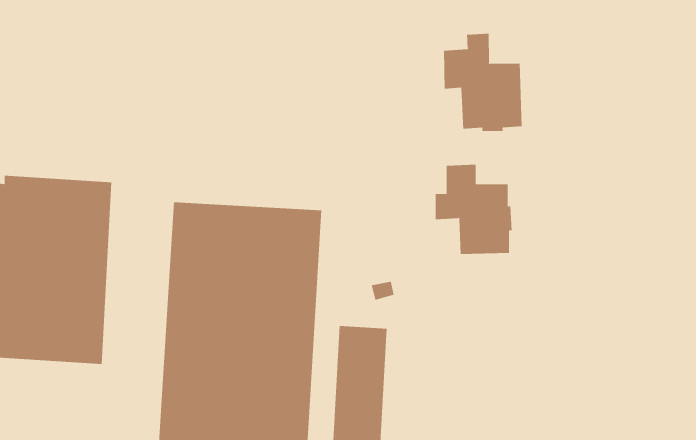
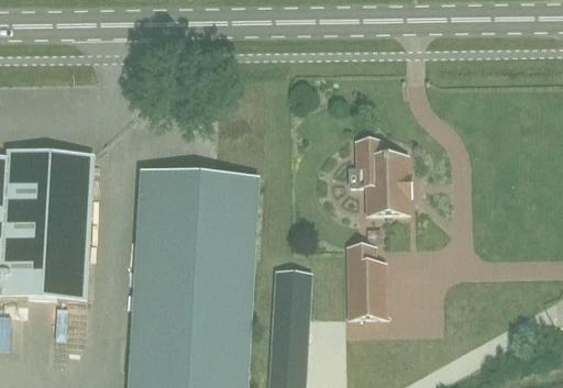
building: [444,33,522,132] -> none
building: none -> [349,244,387,313]

